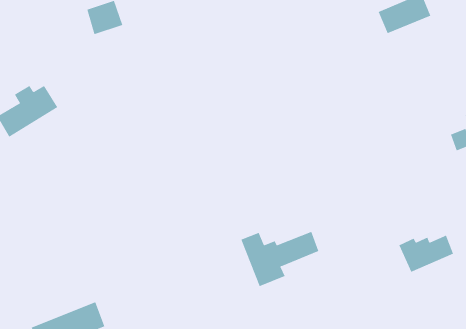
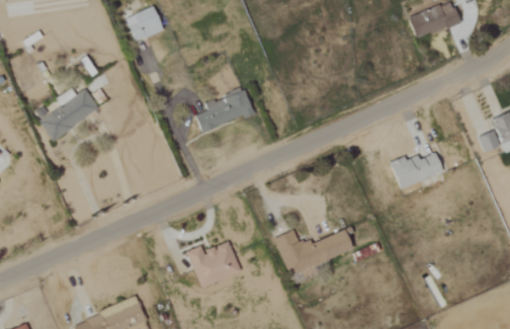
building: none -> [195,89,253,132]
building: [398,235,454,273] -> [389,153,442,189]
building: none -> [187,241,241,287]

